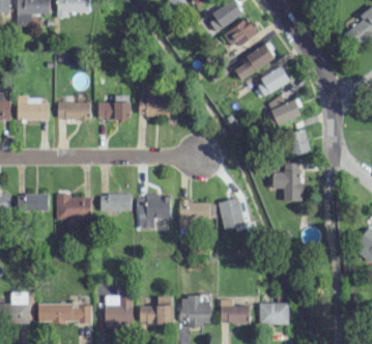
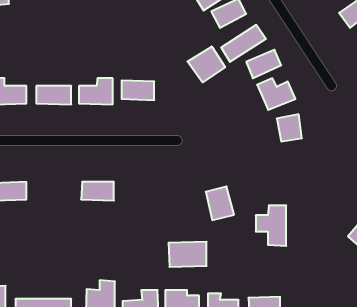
building: none -> [187,46,225,82]
building: [273,163,302,201] -> [256,205,286,246]
building: [139,195,171,229] -> none
building: [57,196,91,222] -> none
building: [179,201,216,225] -> [168,242,207,267]

